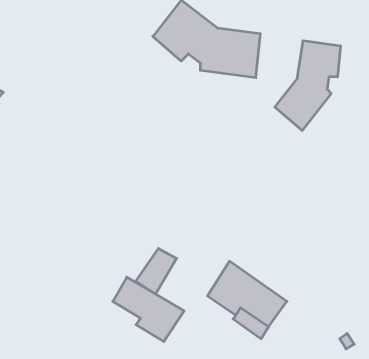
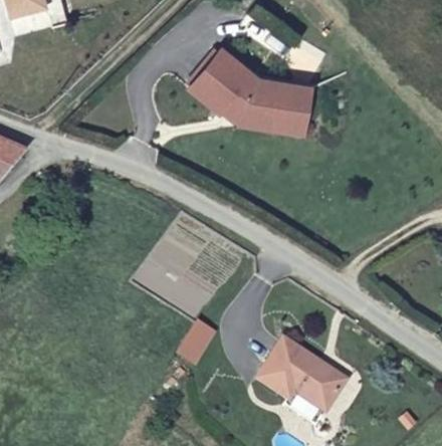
building: [275,41,340,131] -> none
building: [113,277,184,342] -> none

